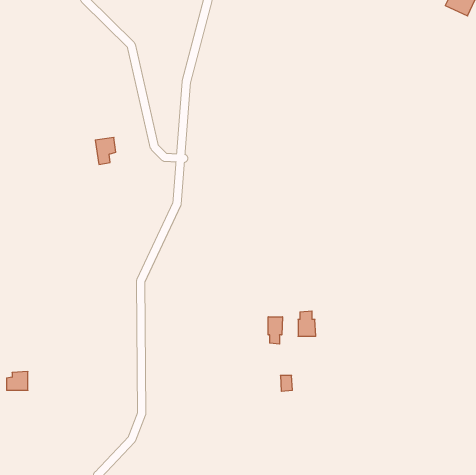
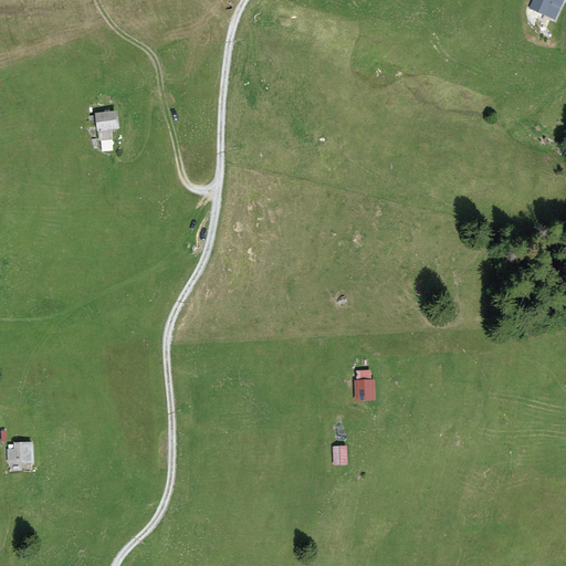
building: [95,137,116,164] -> [95,109,119,142]
building: [268,317,282,344] -> none

